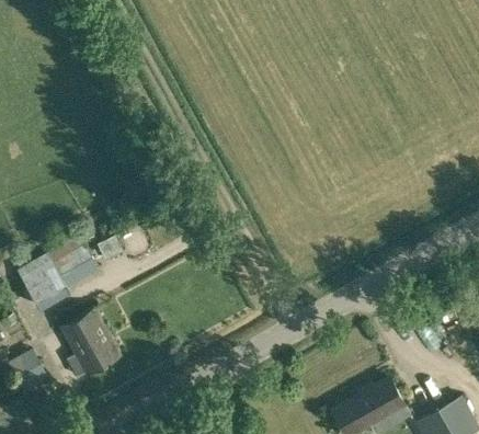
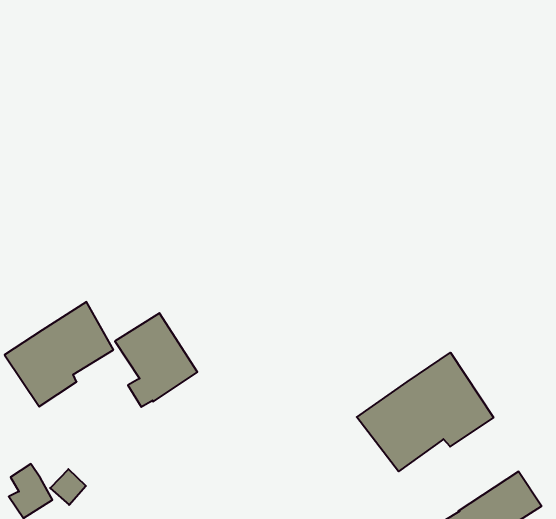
building: none -> [357,353,493,471]
building: [61,311,121,379] -> [115,313,197,407]

